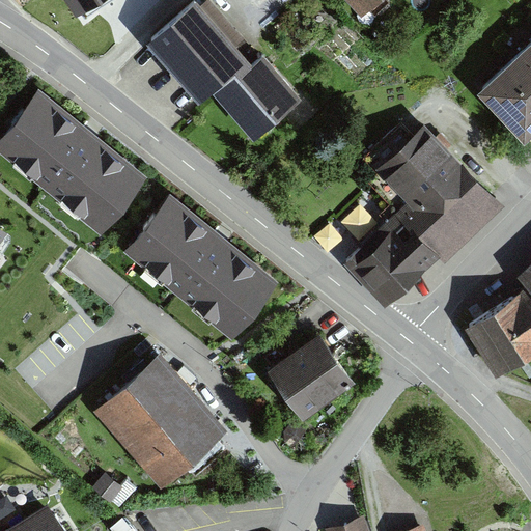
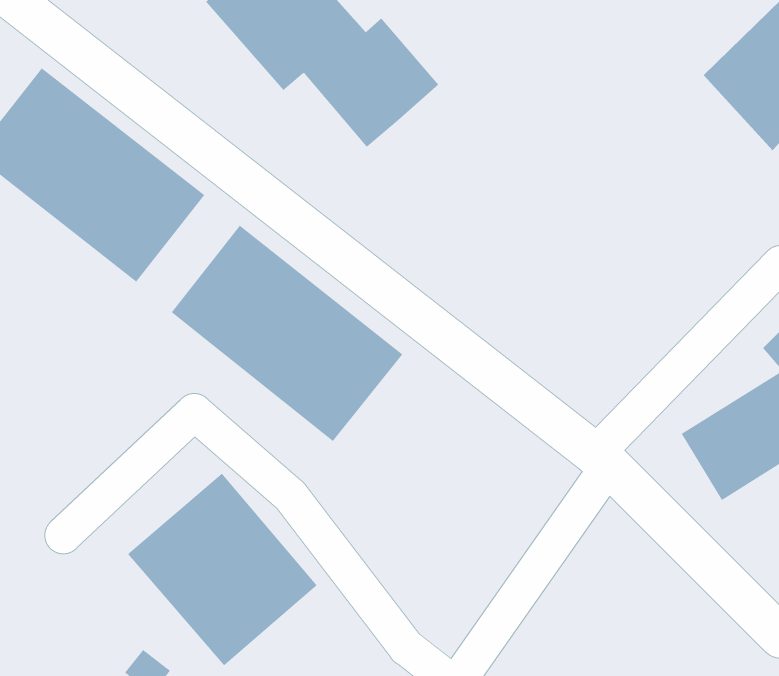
building: [352,122,496,305] -> none
building: [263,338,348,421] -> none

